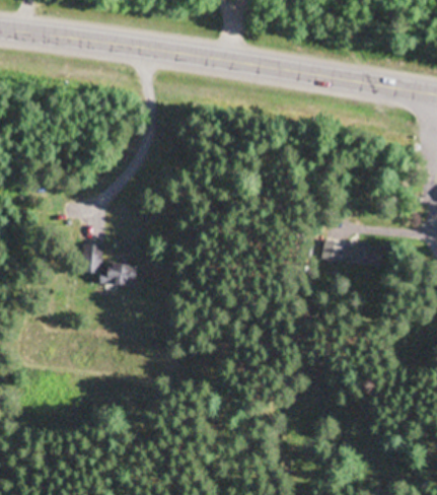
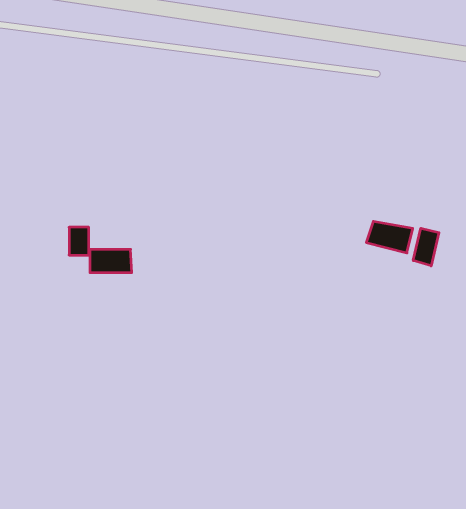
building: none -> [413,228,439,266]

